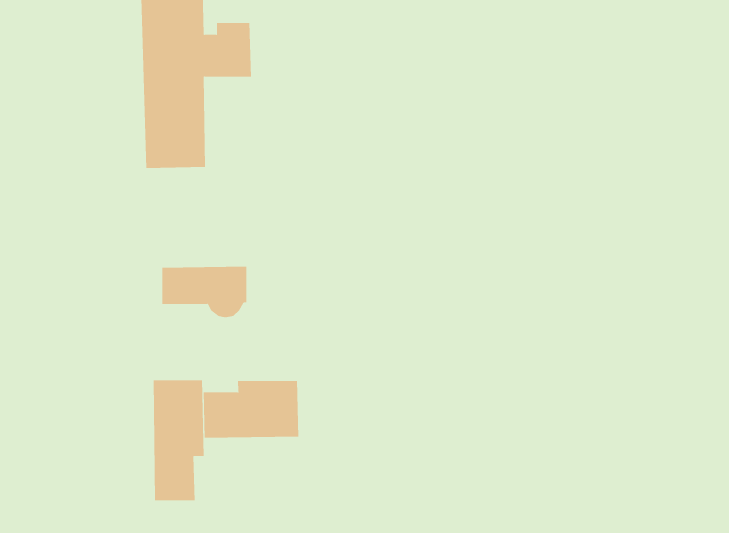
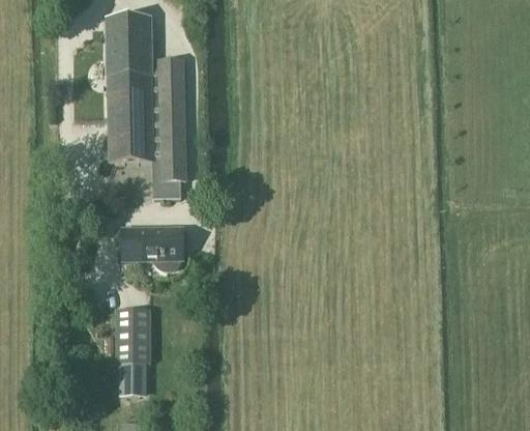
building: none -> [151,96,186,196]
building: [203,380,299,438] -> none

